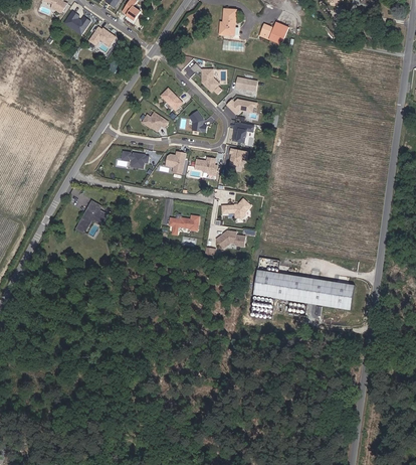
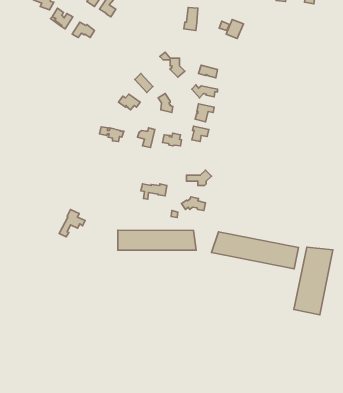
building: [77,200,108,232] -> [59,209,85,237]
building: none -> [118,230,196,250]
building: none -> [294,247,333,315]

